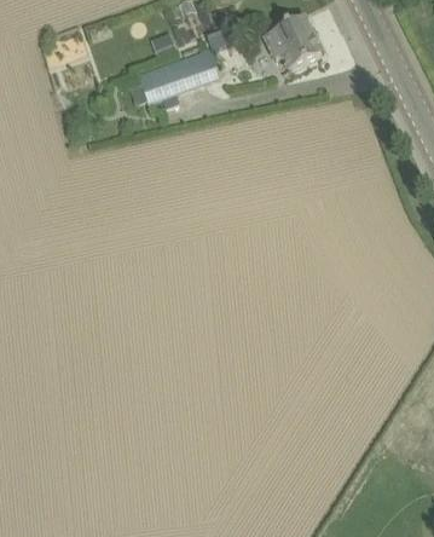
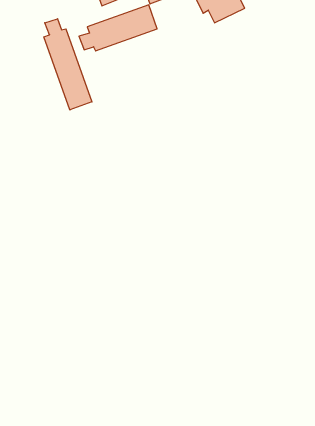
building: none -> [44,19,92,110]

